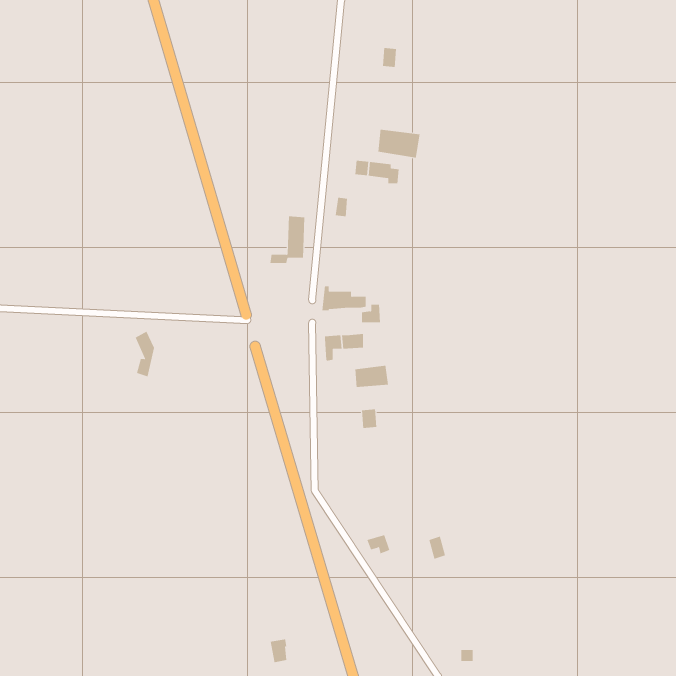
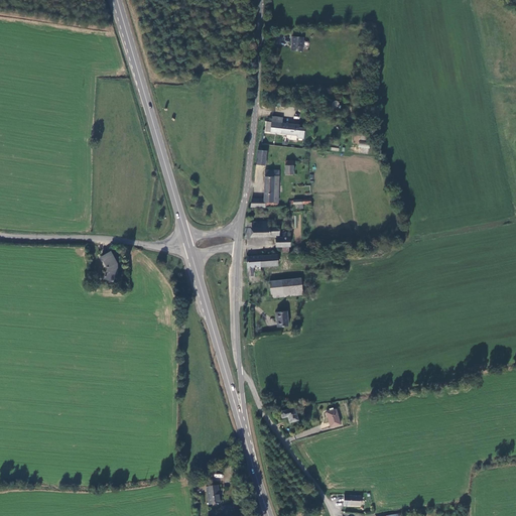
building: [378,129,420,158] -> none
building: [269,216,305,264] -> [251,169,278,206]

